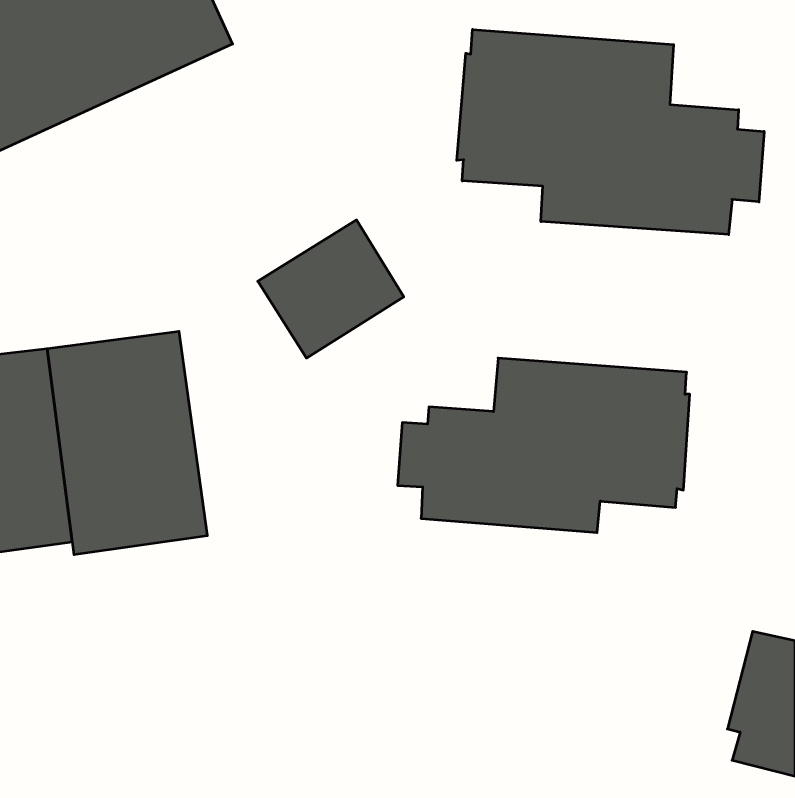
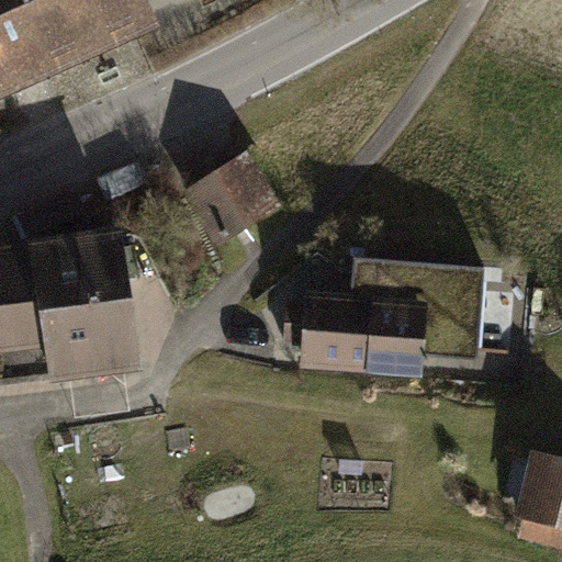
building: [457,29,764,235] -> none

